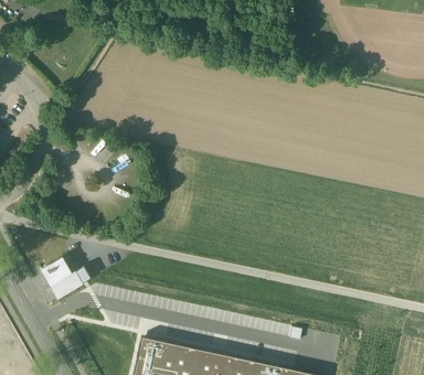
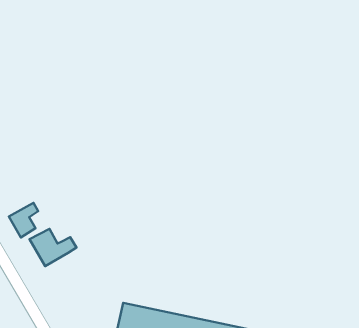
building: none -> [9,203,38,238]

